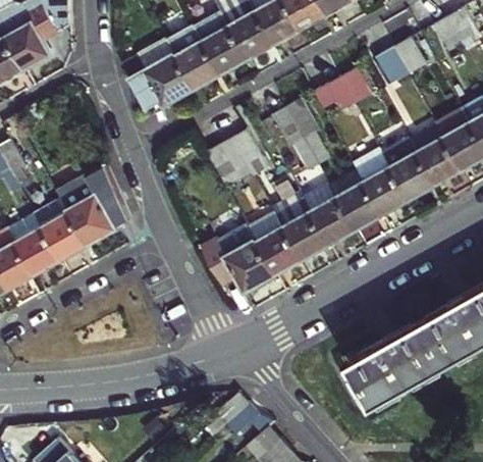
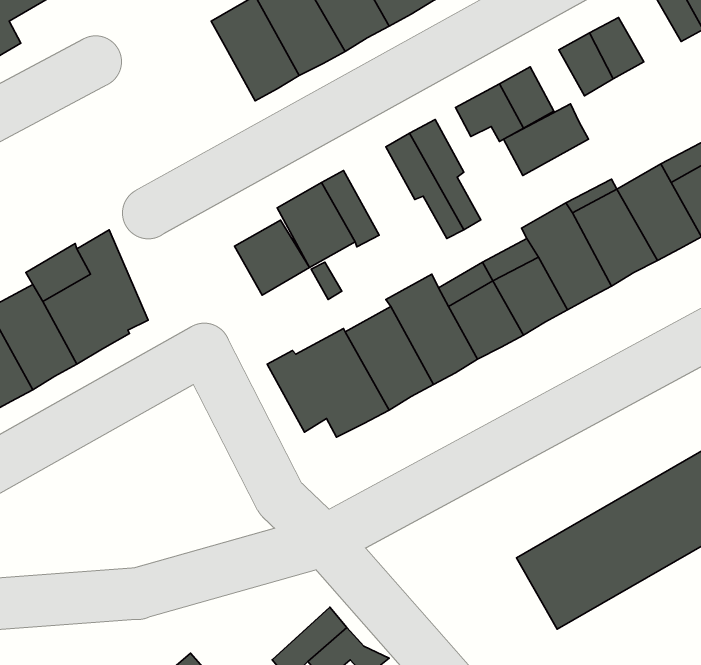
building: [123,41,194,107] -> none
building: none -> [504,104,589,175]
building: none -> [234,220,309,295]

